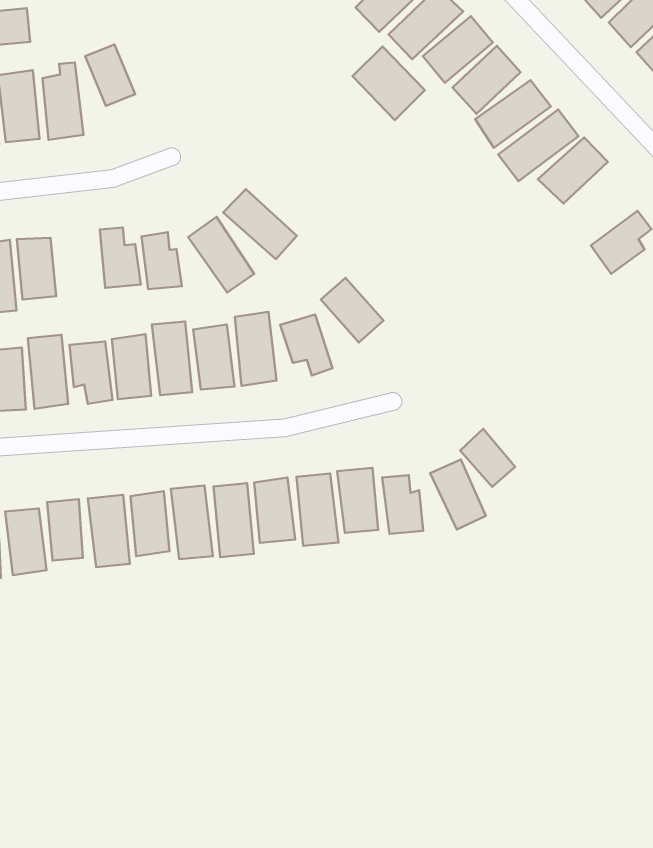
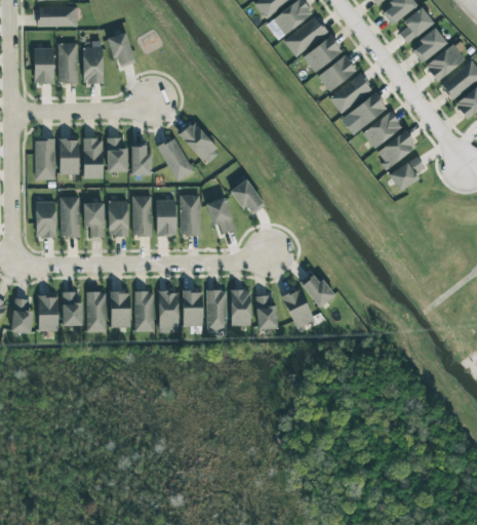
building: [353,46,425,120] -> none
building: none -> [376,129,418,168]
building: none -> [83,137,104,178]

